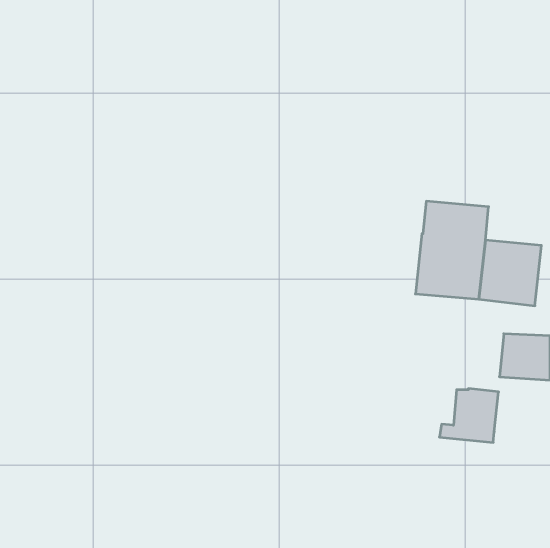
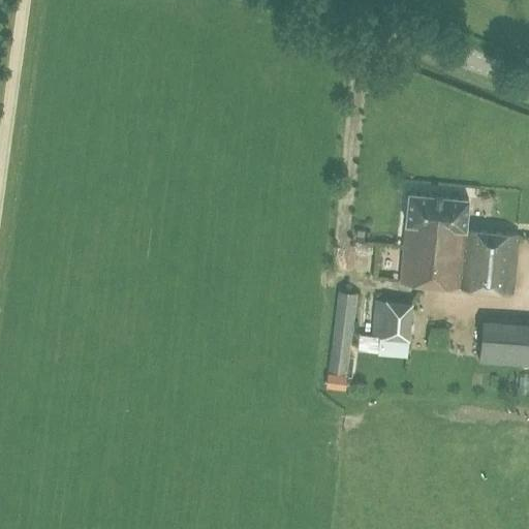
building: none -> [329,292,359,376]
building: [439,389,499,442] -> [357,301,414,352]

